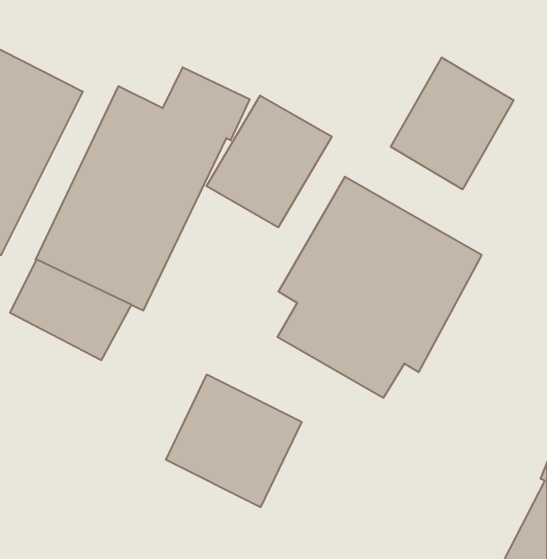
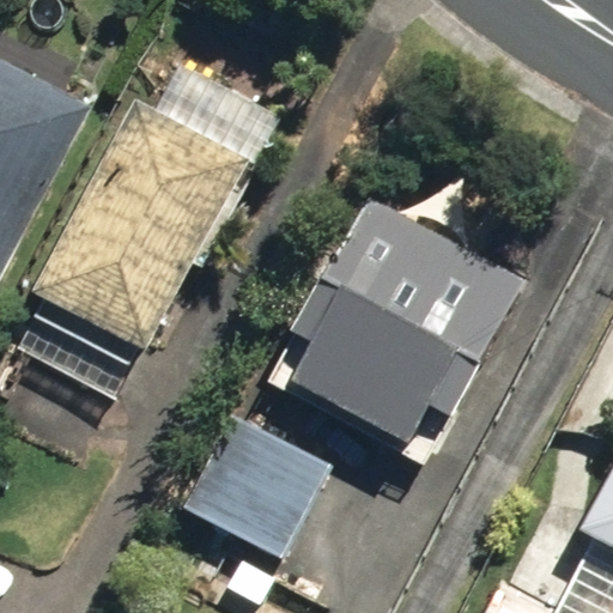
building: [391,57,514,189] -> none
building: [207,95,332,227] -> none

